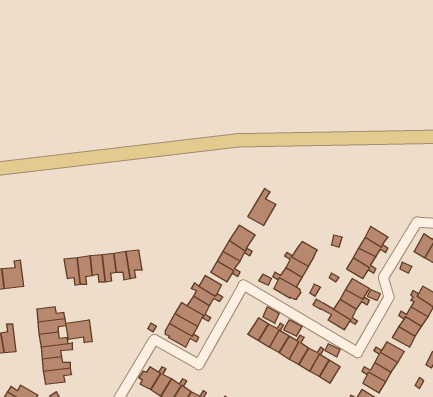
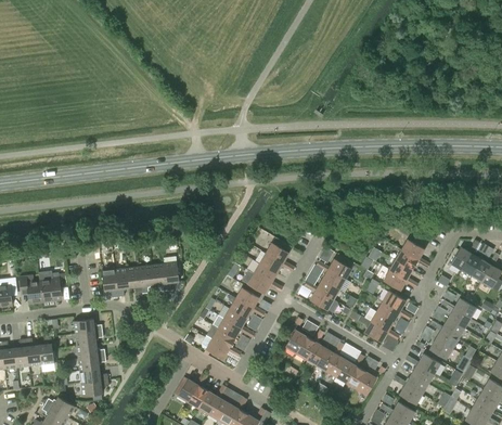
building: [248,188,276,226] -> none
building: [66,320,92,343] -> none

